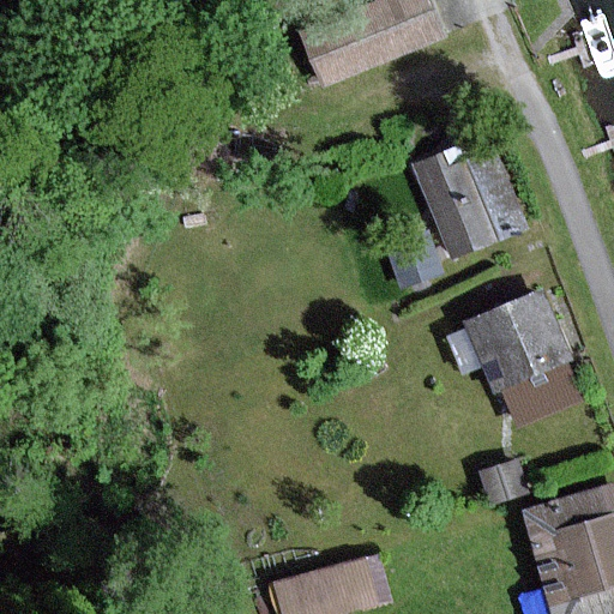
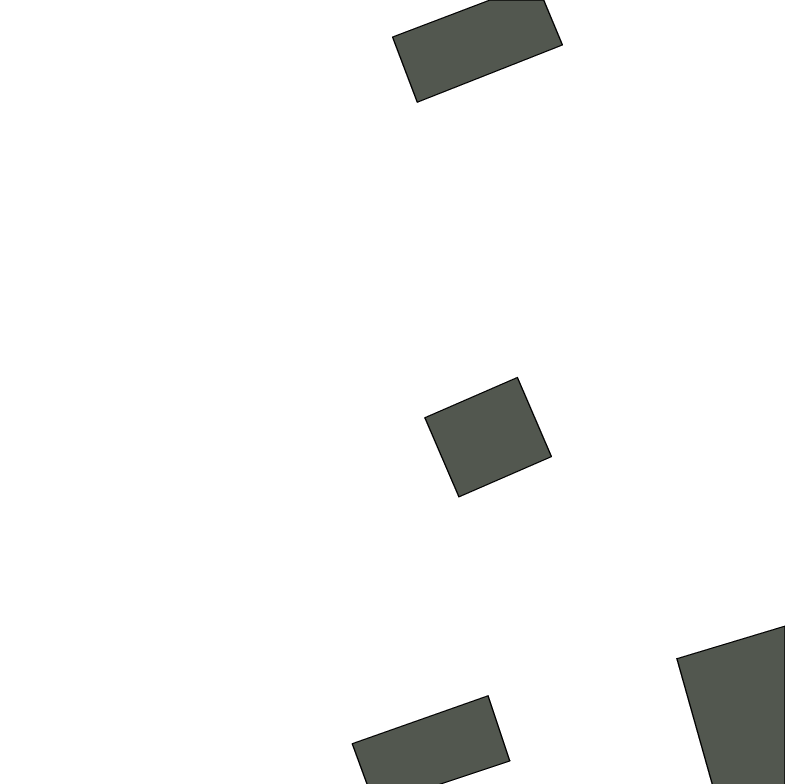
building: [417,156,518,259] -> none
building: [468,299,566,391] -> [425,378,551,497]

